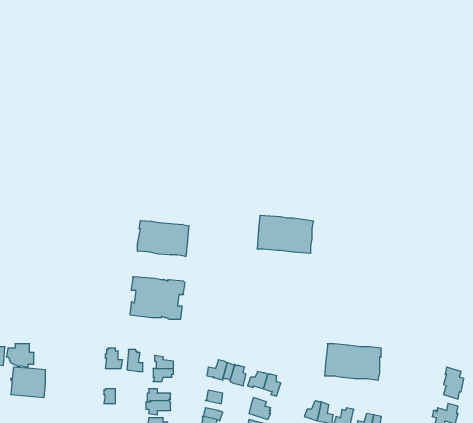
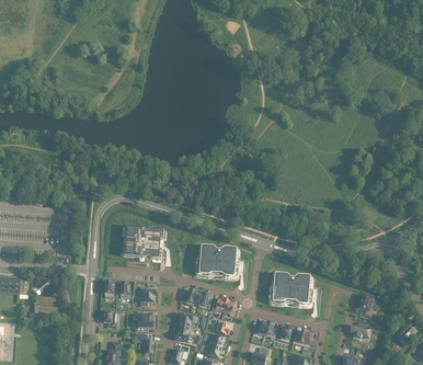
building: [257,215,314,253] -> [195,248,238,276]
building: [138,220,189,257] -> none

